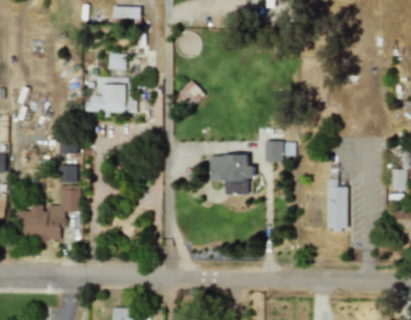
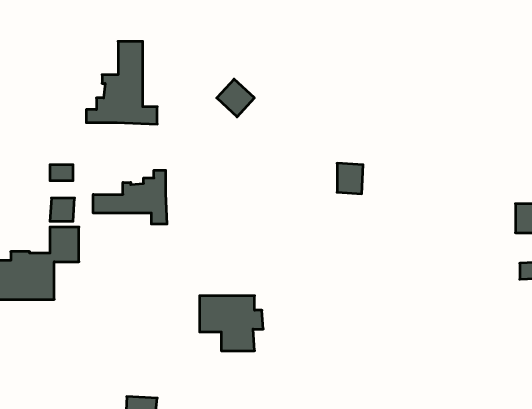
building: none -> [93,170,167,224]
building: [210,155,255,195] -> [200,296,263,351]
building: [327,179,348,231] -> none

